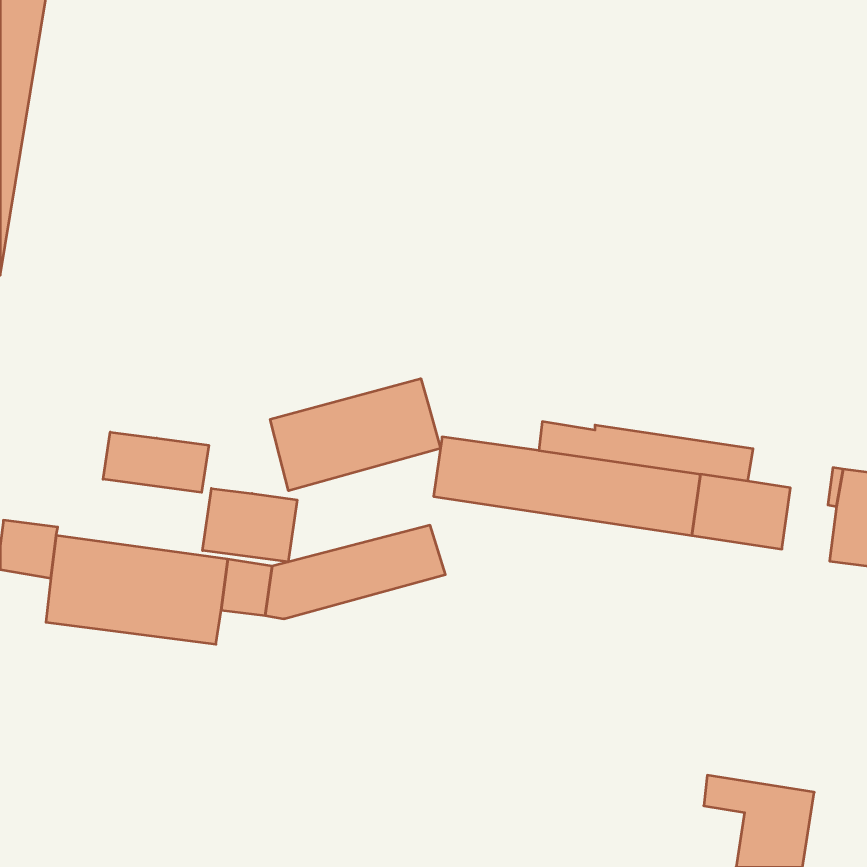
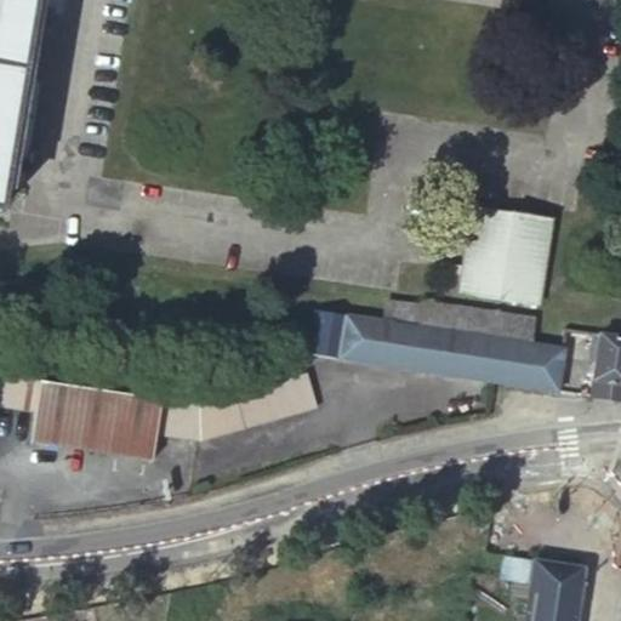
building: none -> [465,205,554,304]
building: [270,379,440,491] -> none
building: [103,432,209,492] -> none
building: [203,488,297,562] -> none

